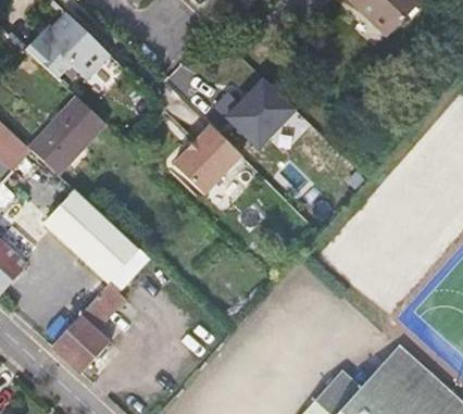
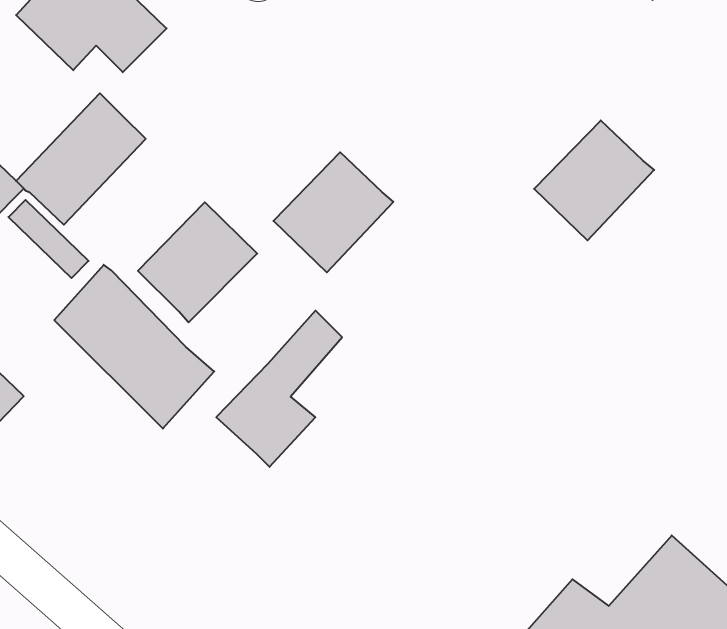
building: [225,83,293,151] -> [534,120,654,240]
building: none -> [138,202,257,322]
building: [52,283,124,372] -> [216,311,342,467]

